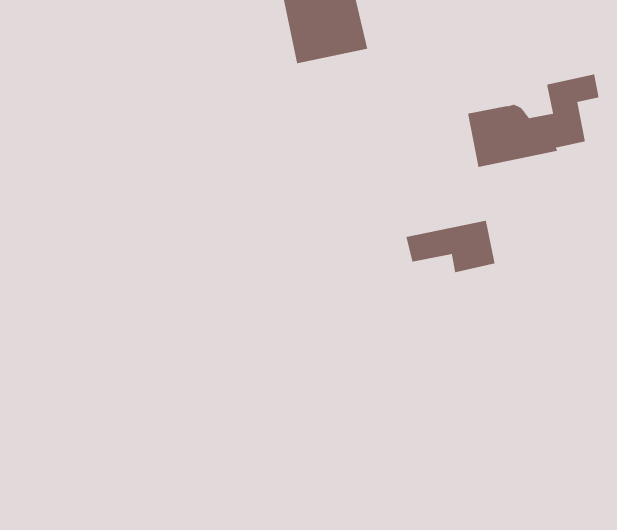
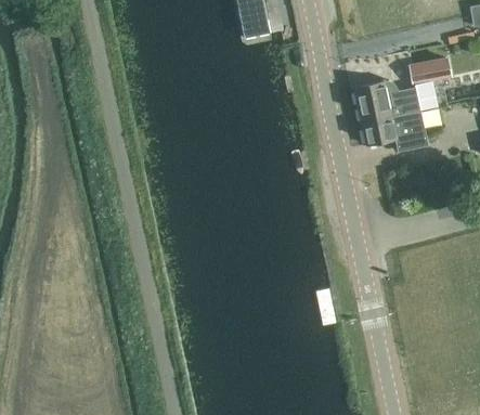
building: [406,220,495,273] -> [363,114,427,152]

